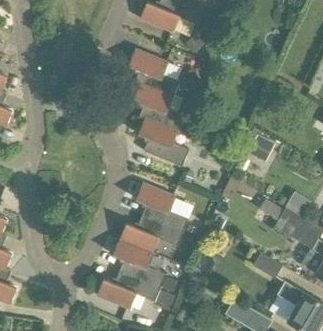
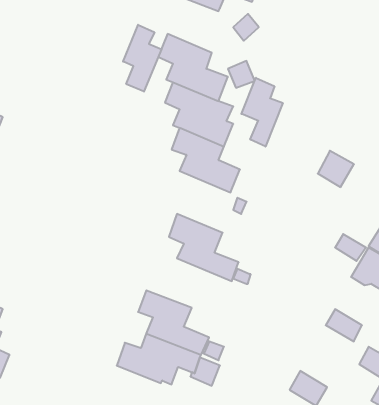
building: none -> [123,25,161,92]
building: none -> [241,78,283,147]
building: [119,216,183,253] -> none

